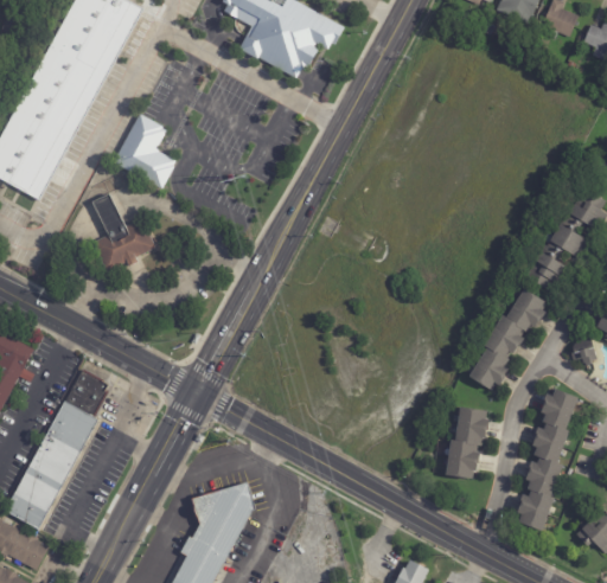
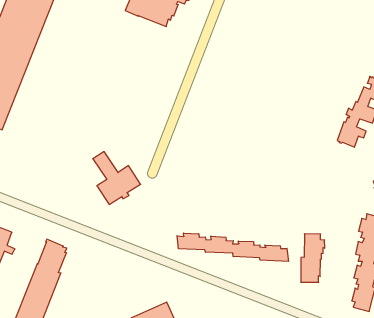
building: [111,113,174,190] -> none
building: [90,193,155,271] -> [93,152,141,204]
building: [468,288,545,391] -> none
building: none -> [177,233,288,261]

